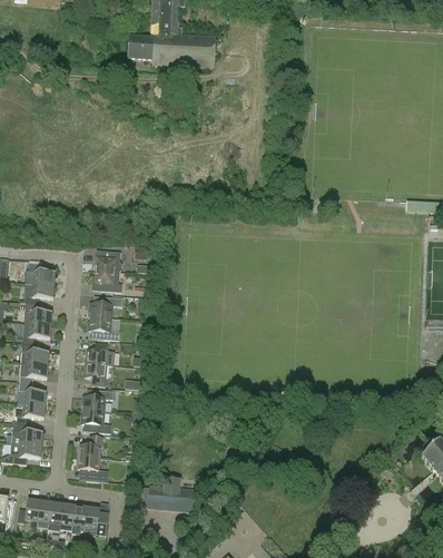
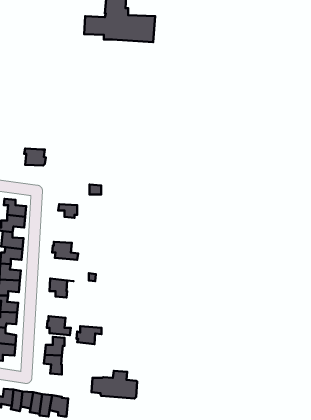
building: [95,249,121,271] -> [24,149,46,166]
building: [88,295,121,317] -> none
building: [85,343,115,365] -> none
building: [81,389,112,411] -> [76,326,101,344]

